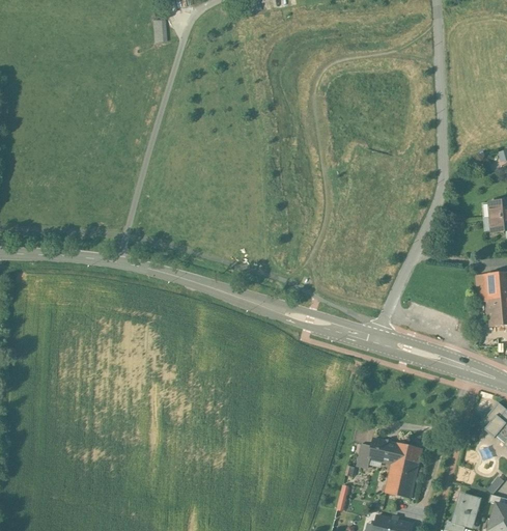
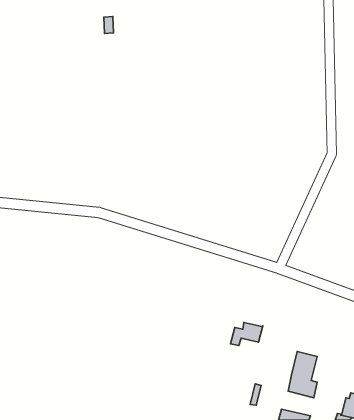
building: [357,439,397,468] -> [231,323,263,346]

